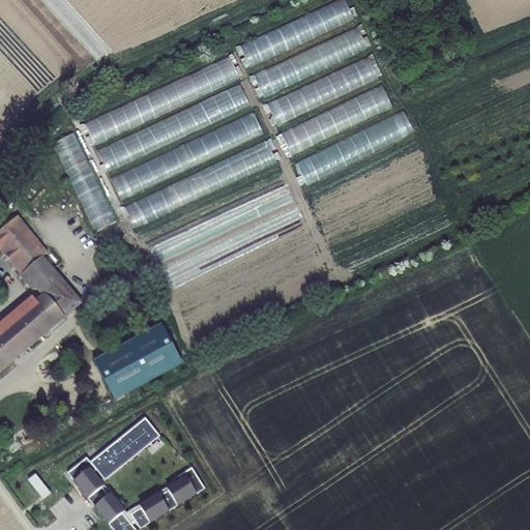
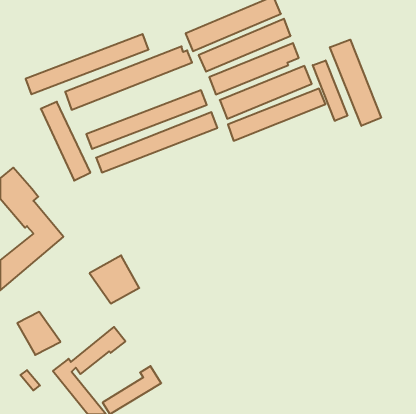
building: none -> [330,40,381,126]
building: none -> [313,60,347,121]
building: [96,86,253,163] -> [26,34,149,94]
building: [86,348,141,403] -> [17,312,60,355]

